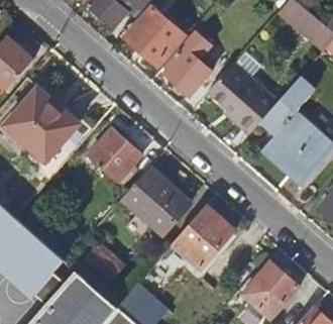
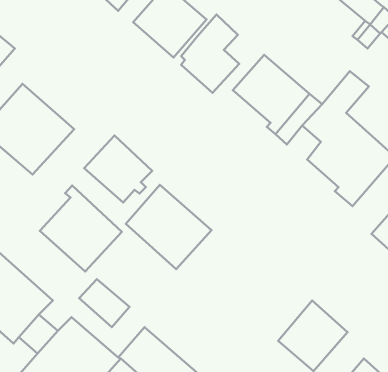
building: none -> [40,185,122,271]
building: [170,206,232,269] -> none

